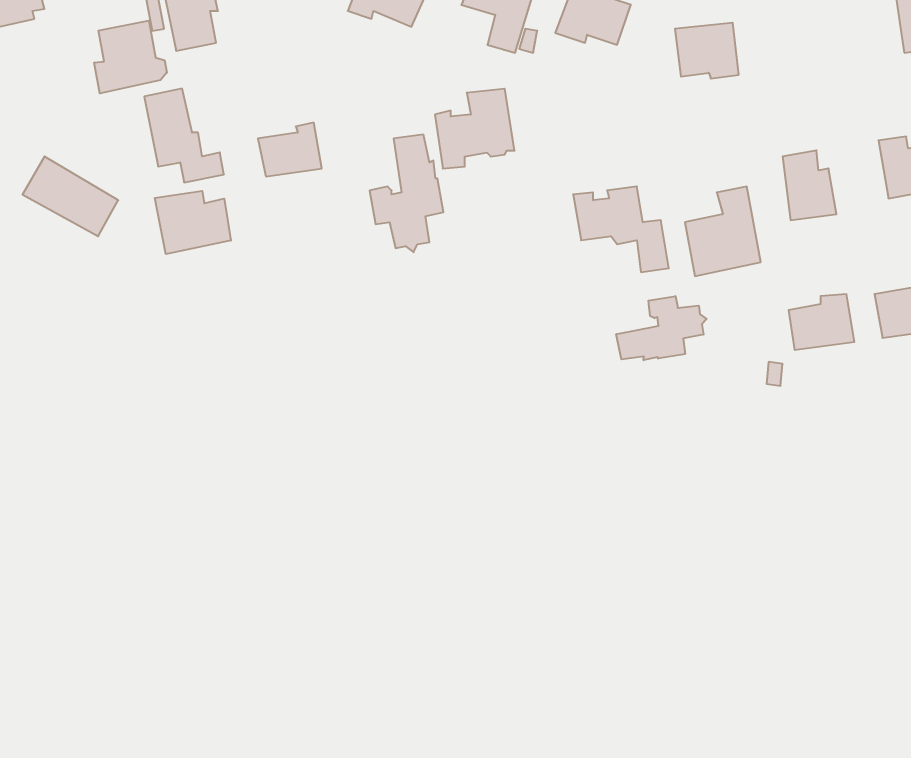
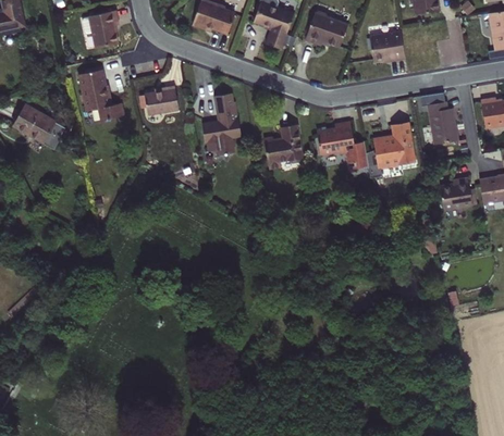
building: [94,21,167,93] -> none
building: [435,89,515,169] -> [259,125,303,169]
building: [155,191,231,254] -> none
building: [616,296,707,360] -> none

